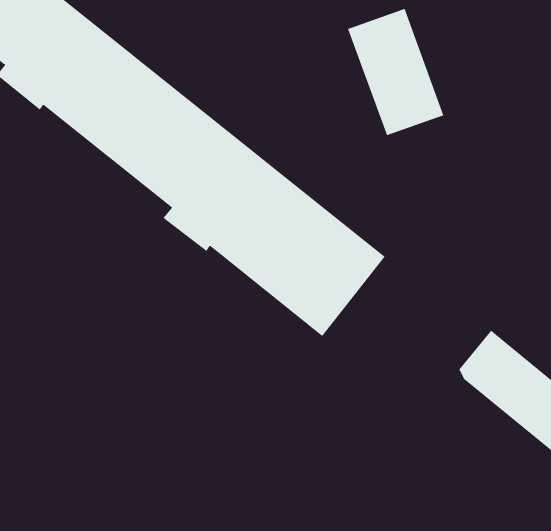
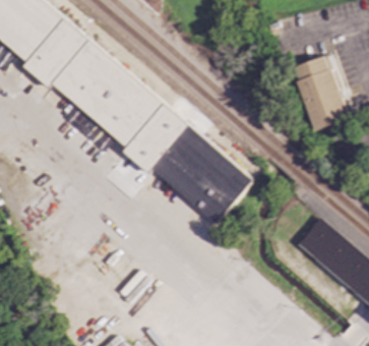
building: [347,8,444,136] -> [292,55,350,131]

